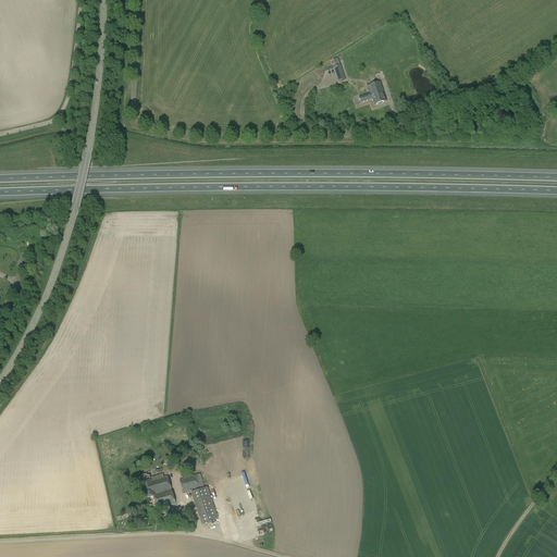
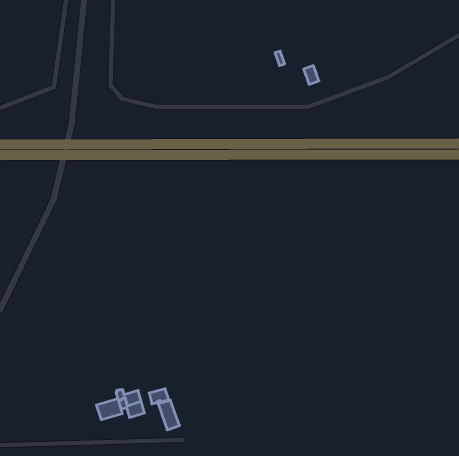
building: none -> [96,398,122,420]

